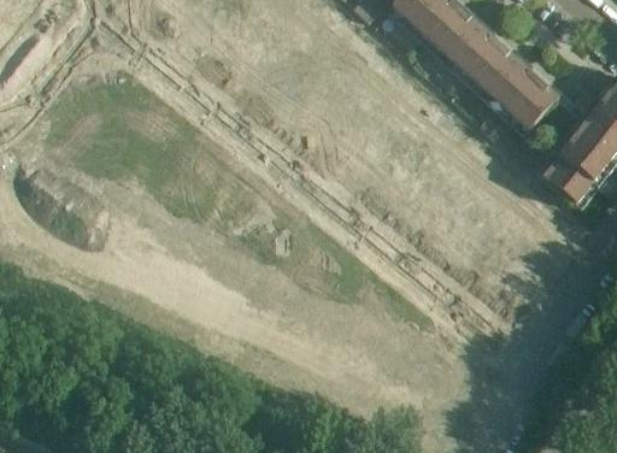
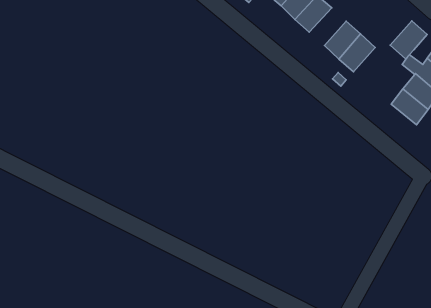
building: [449,25,499,76] -> none
building: [509,78,558,129] -> [390,21,427,59]
building: [542,154,593,202] -> none

